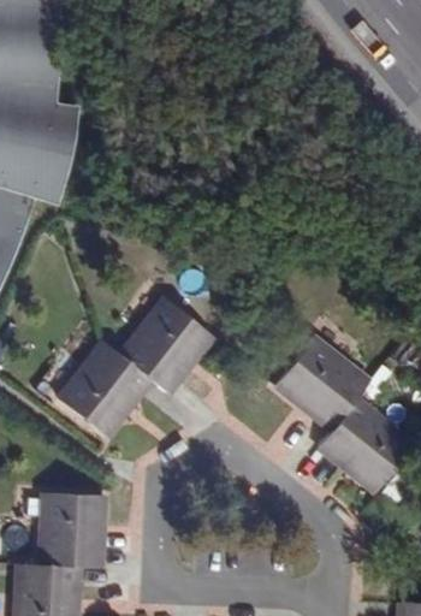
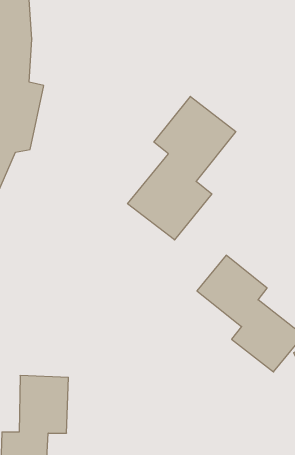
building: none -> [128,96,236,240]
building: [55,298,213,438] -> none

